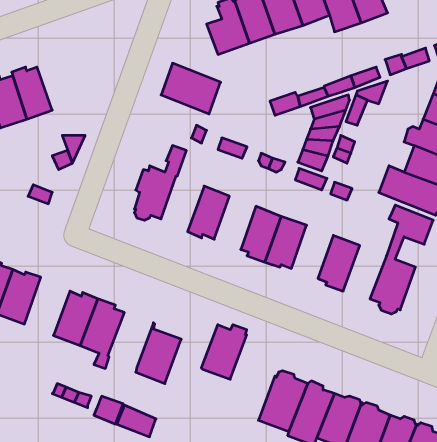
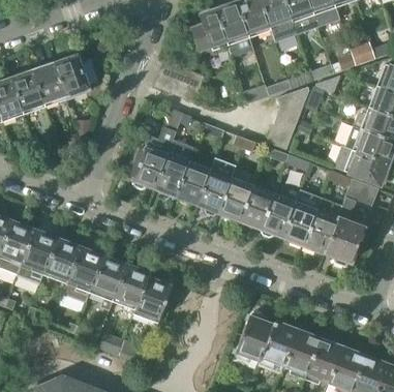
building: none -> [53,54,97,99]
building: none -> [154,153,189,199]
building: none -> [198,170,232,216]
building: none -> [260,193,295,238]
building: none -> [303,210,338,253]
building: none -> [42,236,80,283]
building: [201,325,247,379] -> [111,265,148,309]

